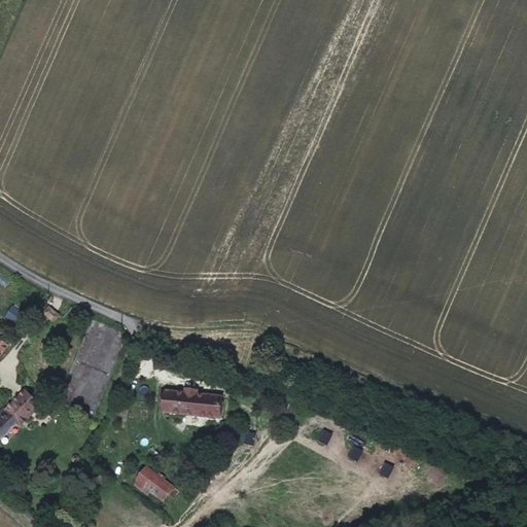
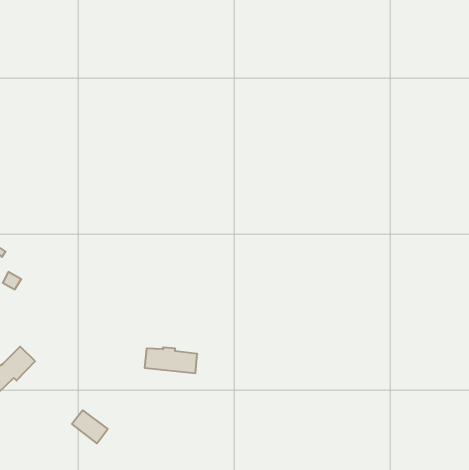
building: [132,466,172,503] -> [72,410,108,443]

